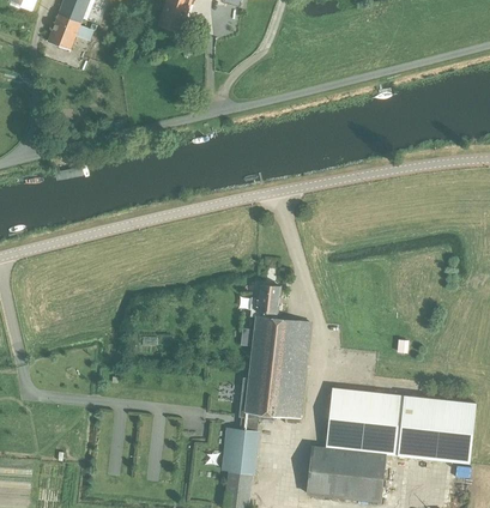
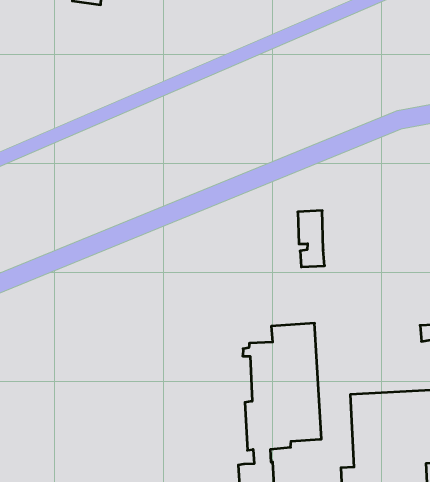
building: [255,284,280,332] -> [298,211,325,267]

